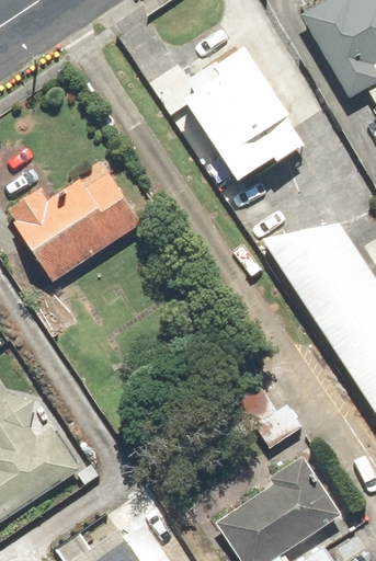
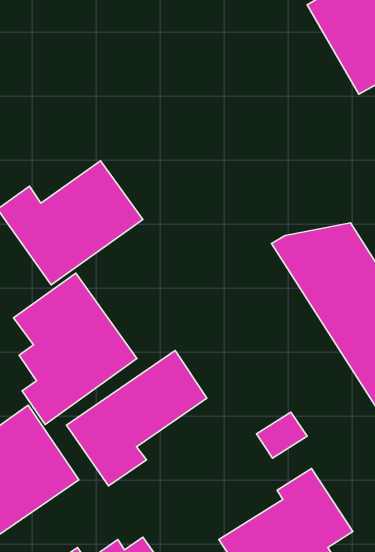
building: [185,45,289,182] -> none
building: none -> [14,273,137,424]
building: none -> [67,351,207,486]

